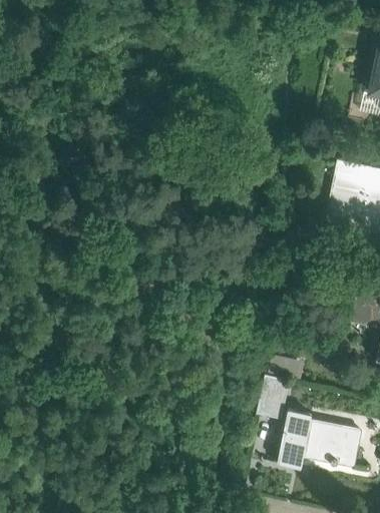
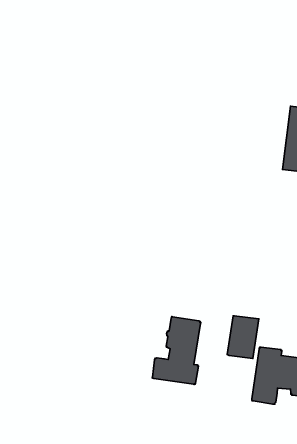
building: none -> [152,317,201,385]

